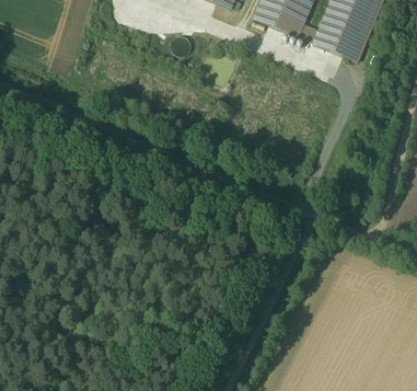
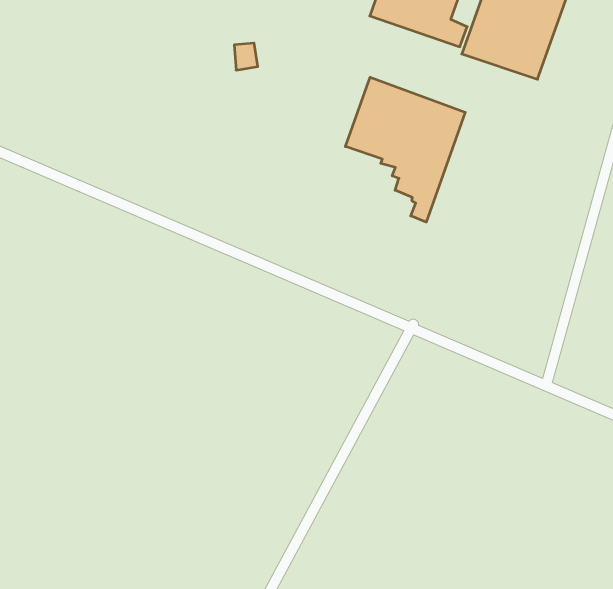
building: none -> [345,77,465,222]

